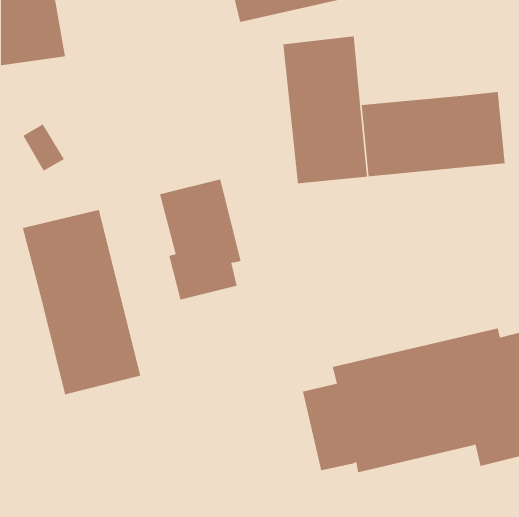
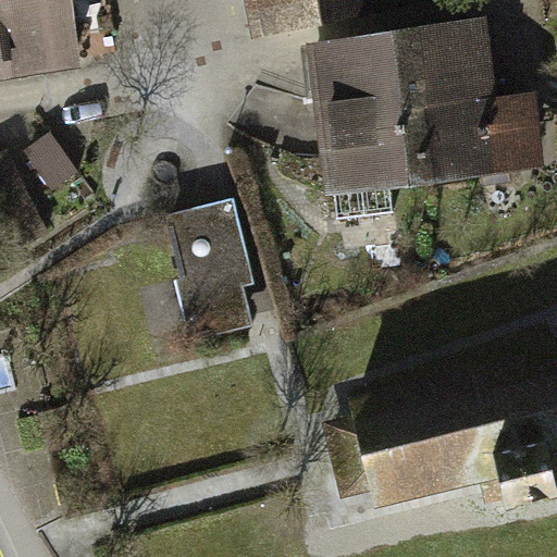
building: none -> [382,28,495,111]
building: [22,209,141,395] -> none

